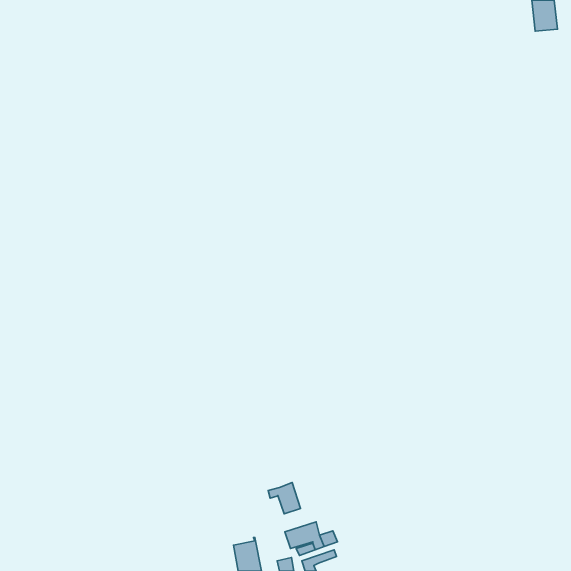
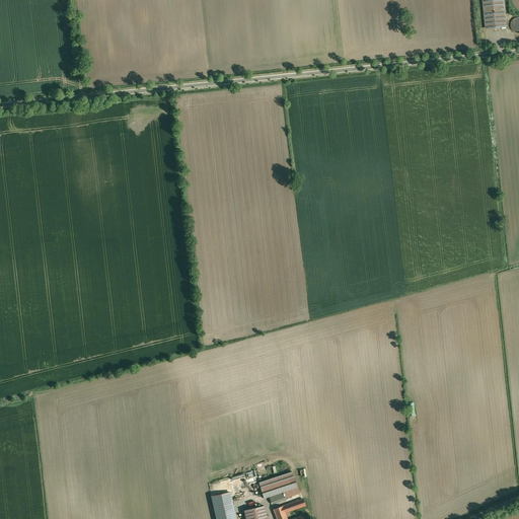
building: [268,483,301,514] -> none

